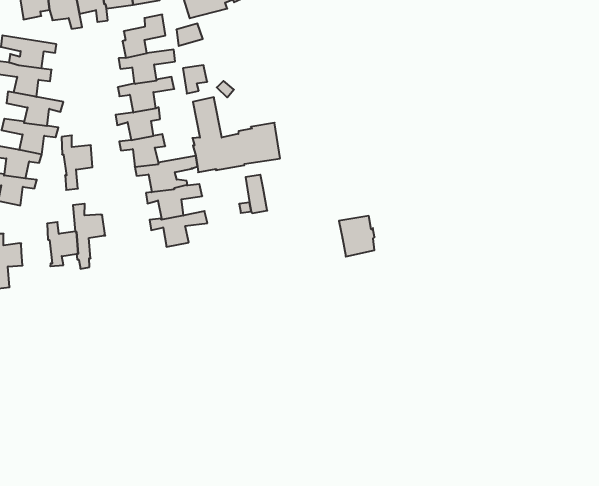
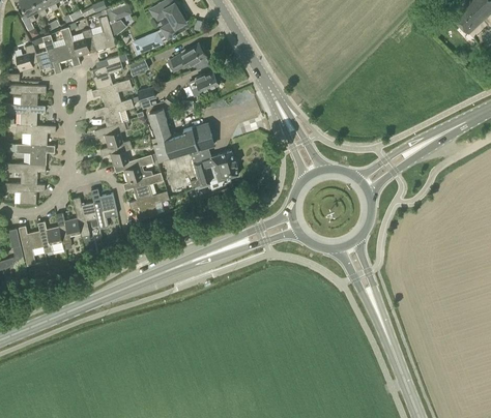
building: none -> [167,42,210,72]
building: none -> [190,71,219,95]
building: [62,135,92,190] -> [91,188,116,228]
building: [339,216,375,257] -> [210,150,238,181]
building: none -> [37,220,64,253]

